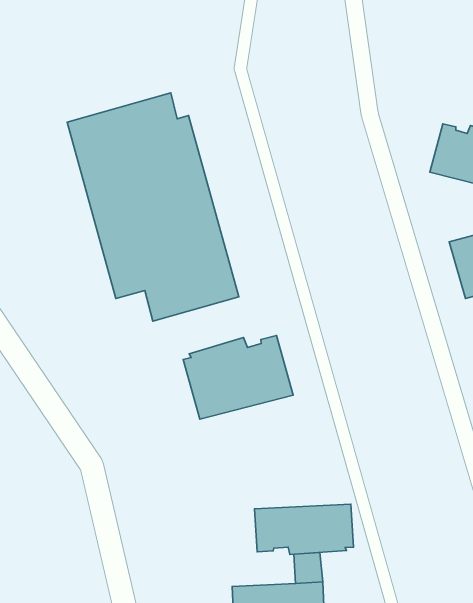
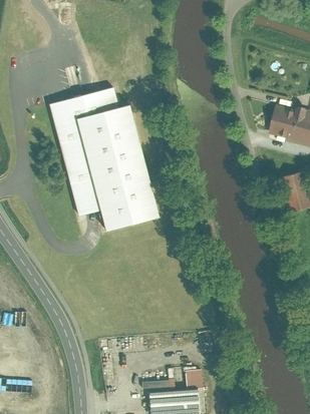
building: [183,335,293,419] -> none
building: [254,504,353,555] -> none

